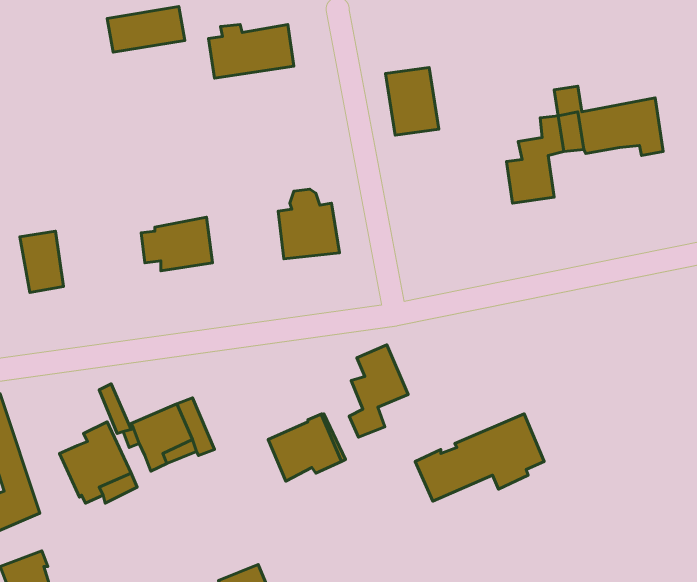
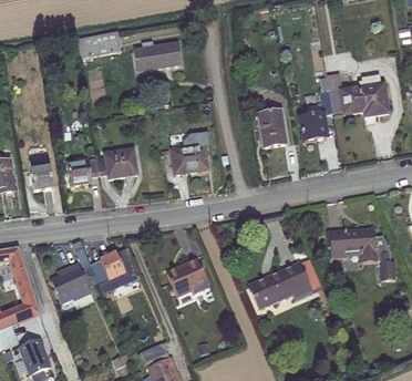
building: [385,68,439,135] -> [257,110,287,147]
building: none -> [66,157,99,184]
building: [349,345,408,437] -> none
building: none -> [329,227,394,280]

